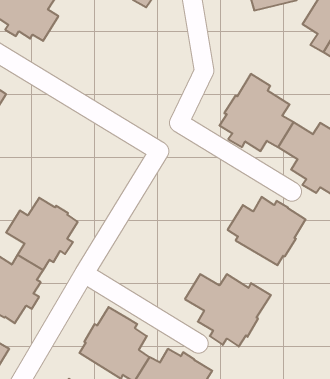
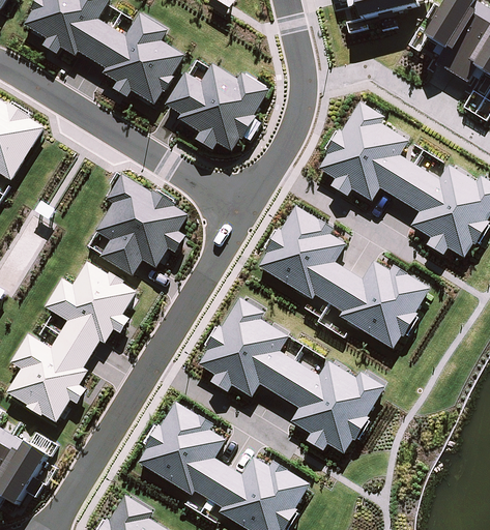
building: none -> [91,12,184,104]
building: none -> [165,63,268,151]
building: none -> [95,174,188,275]
building: none -> [258,206,348,302]
building: none -> [198,297,293,396]

